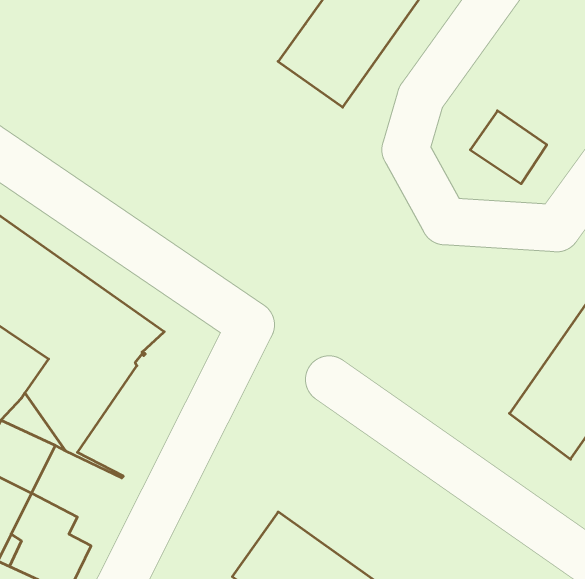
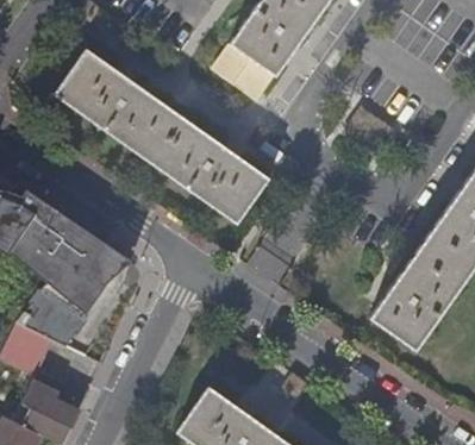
building: none -> [56,52,269,226]

